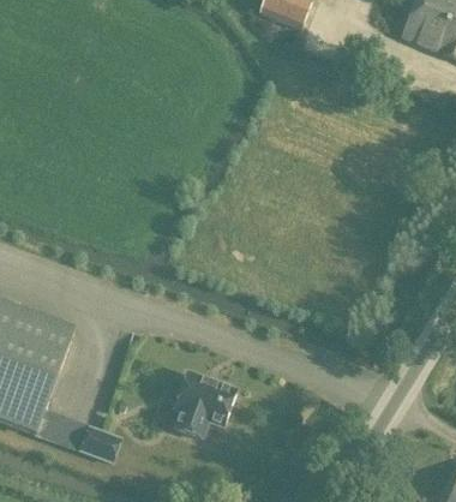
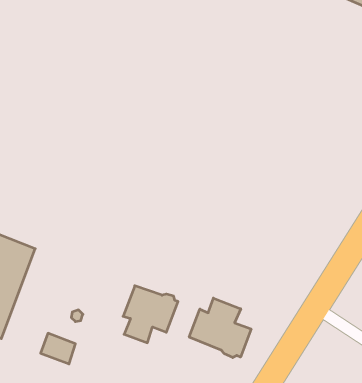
building: none -> [189,298,251,358]

